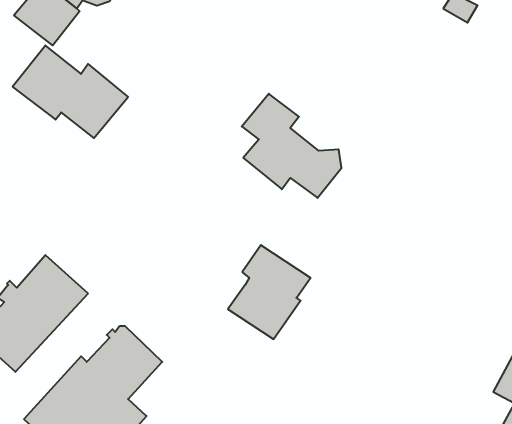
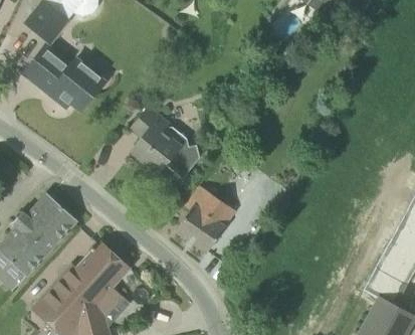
building: [242,94,342,198] -> [131,106,201,179]

